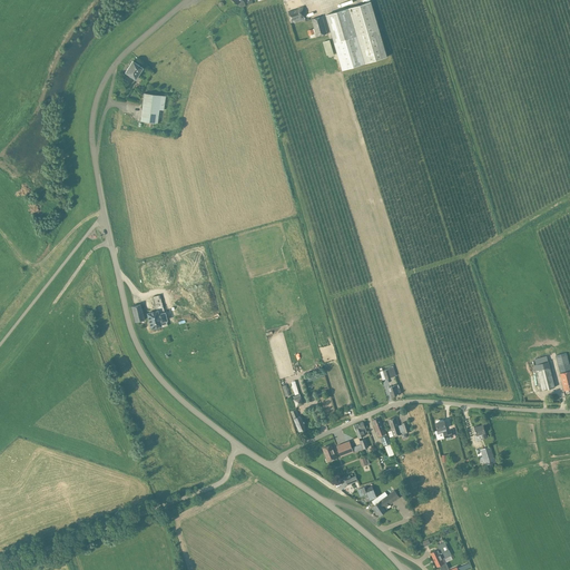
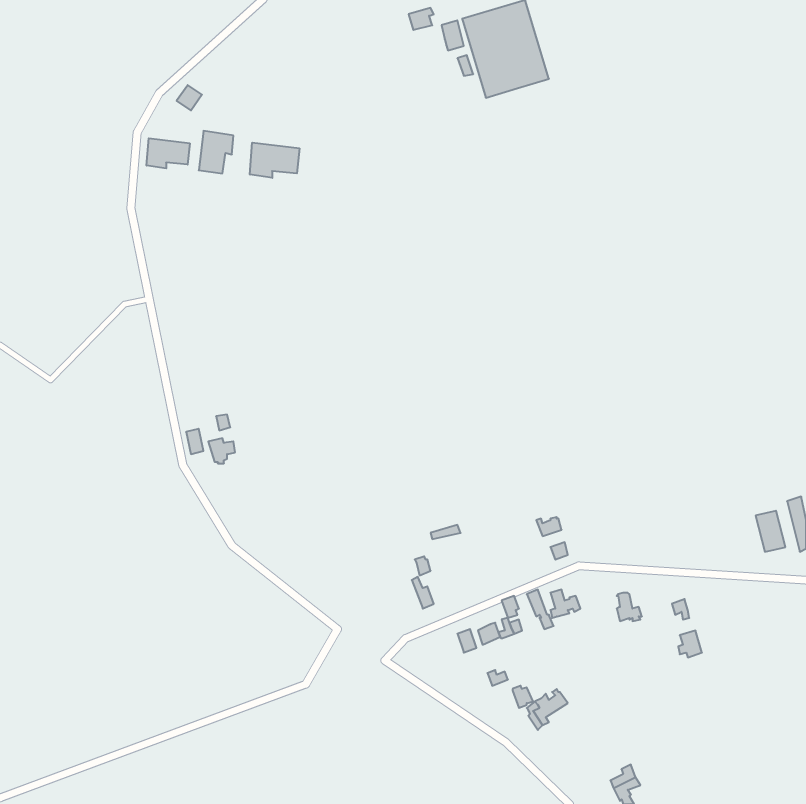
building: none -> [147,138,190,168]
building: none -> [250,143,299,178]

